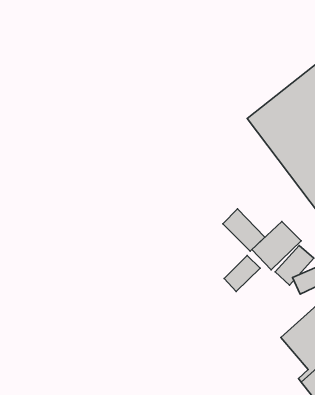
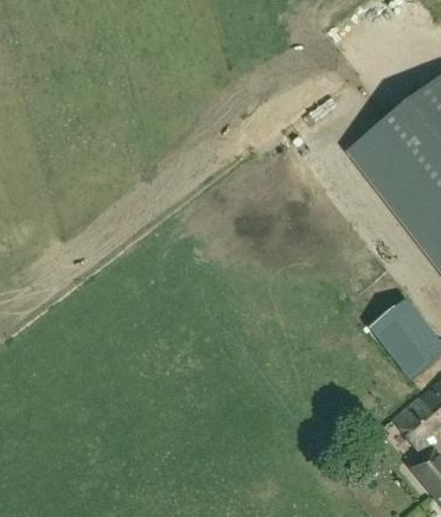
building: [223,209,265,251] -> none
building: [224,255,260,291] -> none

